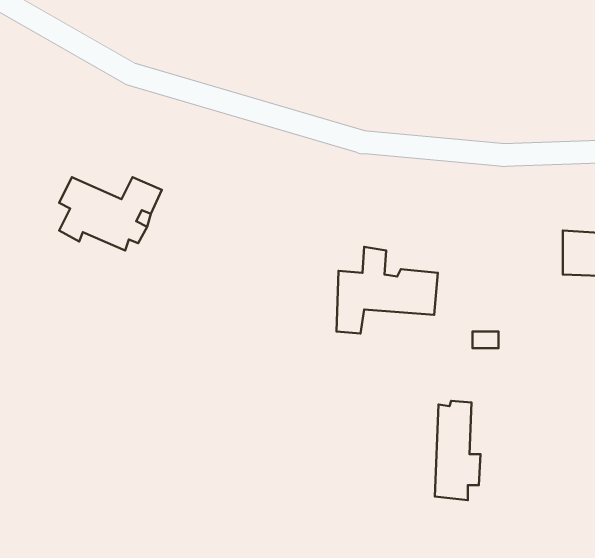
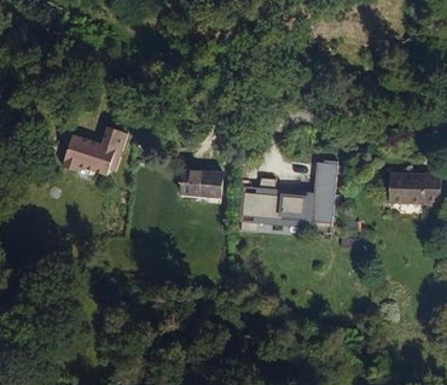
building: none -> [191,159,217,187]
building: [435,401,481,500] -> [313,159,343,224]

